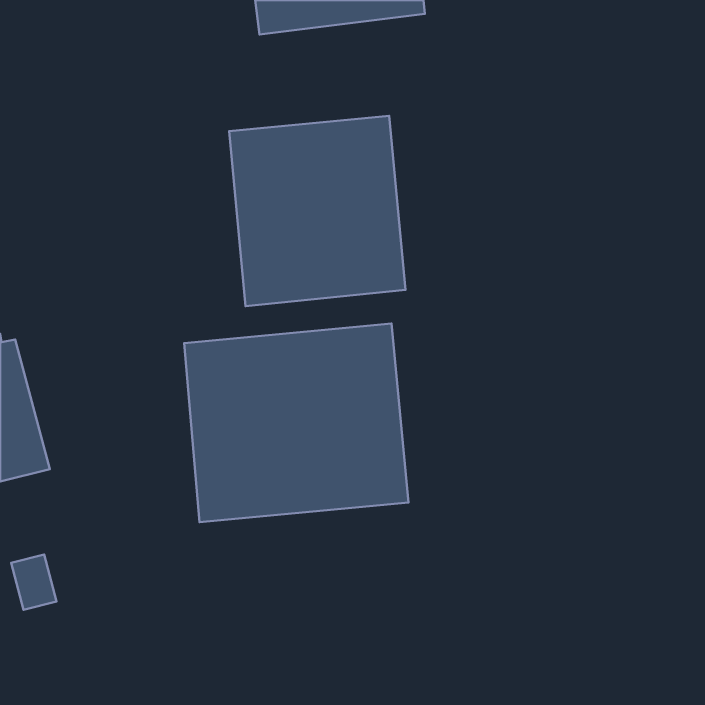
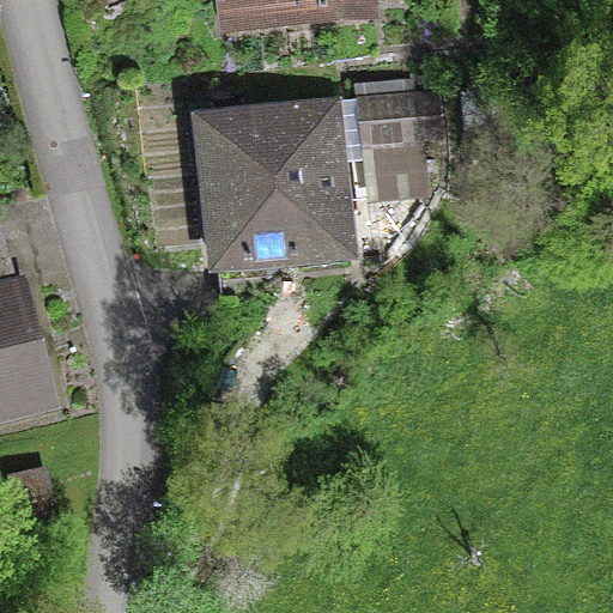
building: none -> [359,81,439,196]
building: [184,324,409,522] -> none

